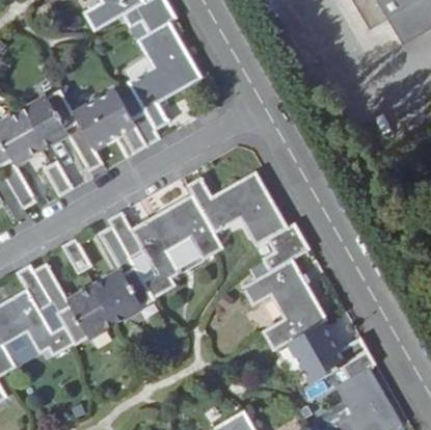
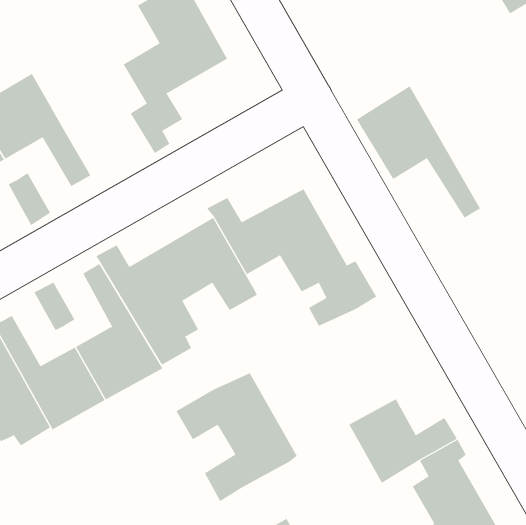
building: [74,90,147,156] -> none
building: none -> [356,85,481,219]
building: [239,259,327,352] -> [175,372,298,502]

